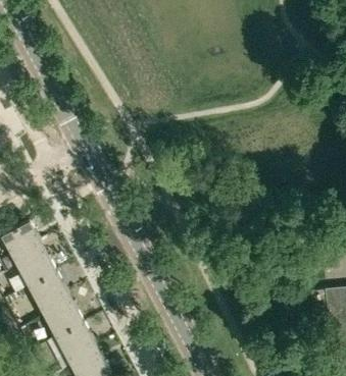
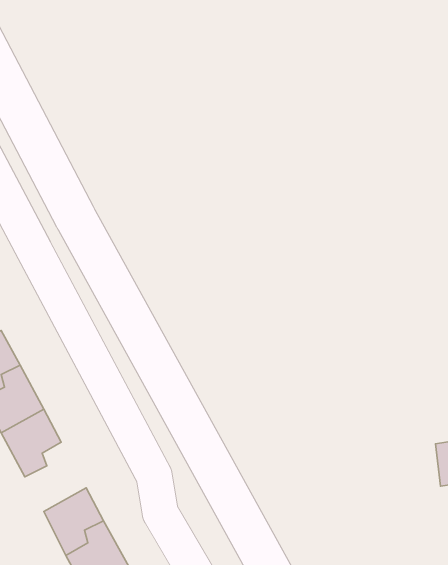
building: [43,292,83,337] -> none

